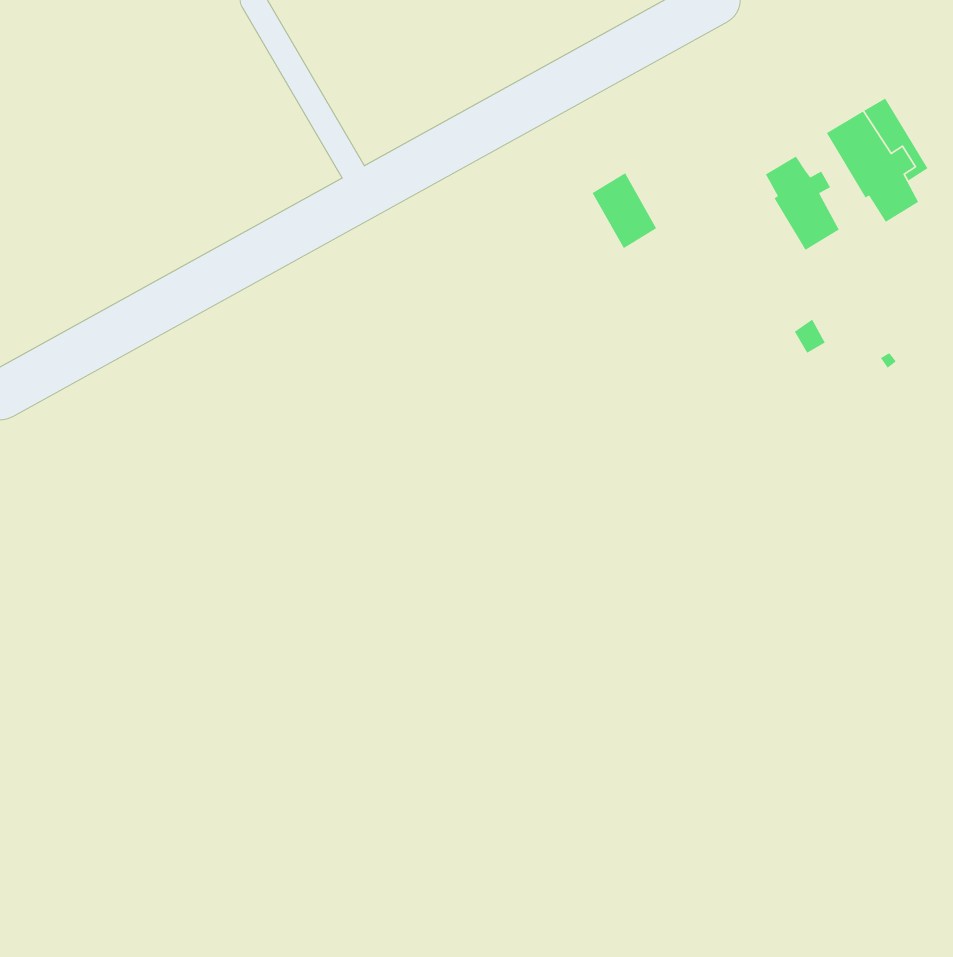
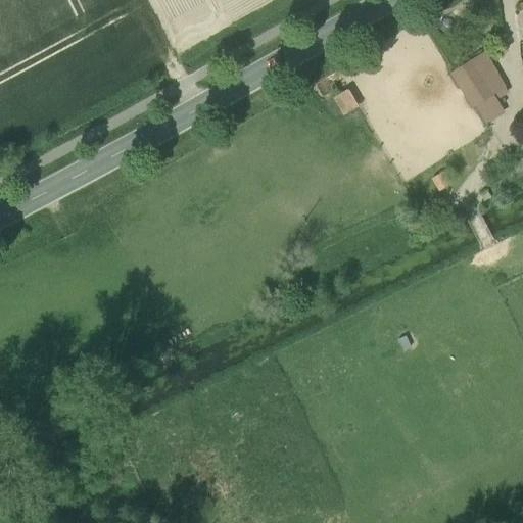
building: [765,155,840,251] -> none

